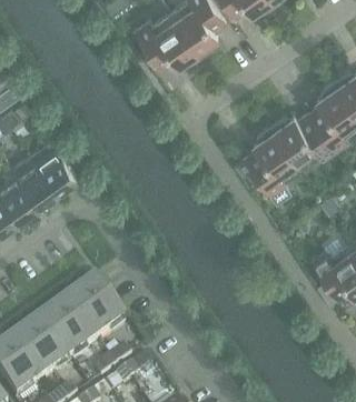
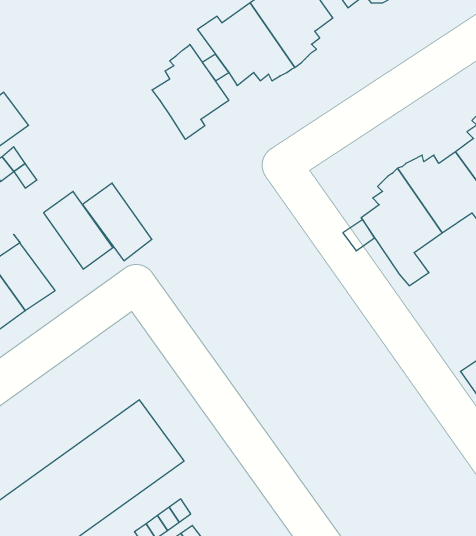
building: none -> [152,44,229,139]
building: [10,154,57,207] -> [83,183,152,261]

